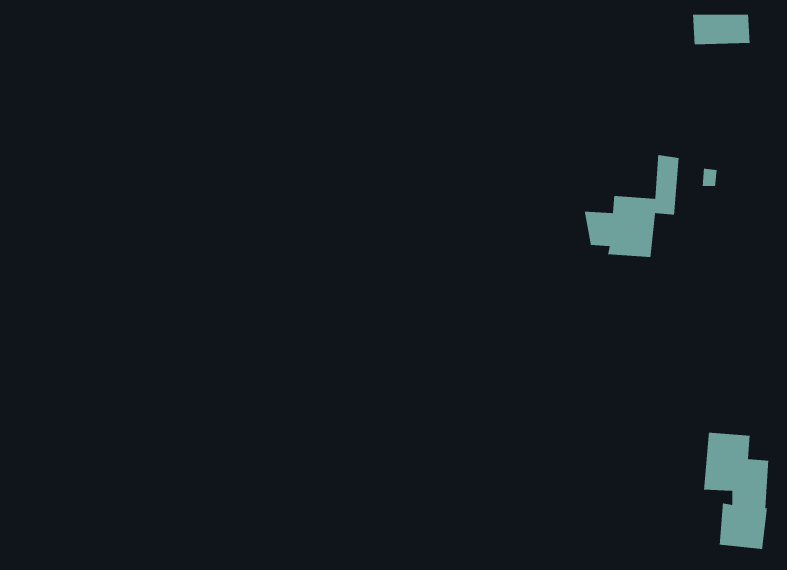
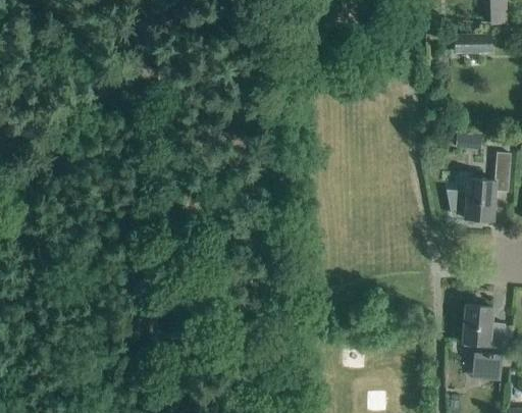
building: [584,154,680,258] -> [449,153,511,220]

